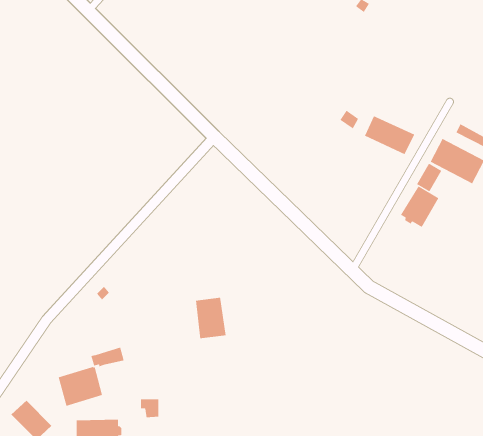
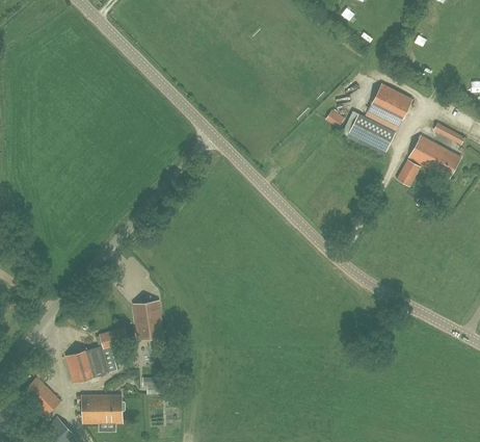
building: none -> [371,84,411,121]
building: [400,186,439,228] -> none
building: [195,297,227,339] -> [133,302,162,340]

